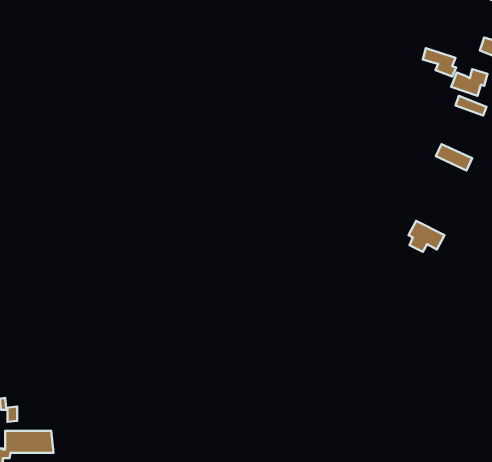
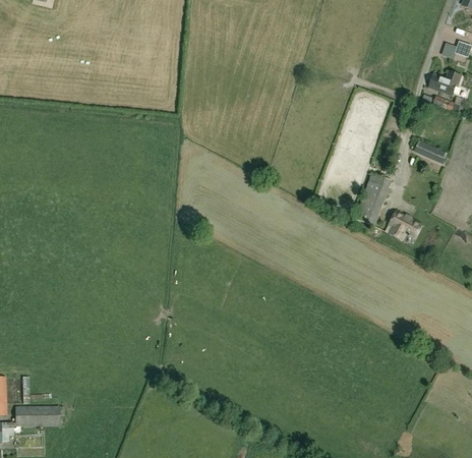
building: [423,48,456,76] -> none
building: none -> [355,173,392,227]

